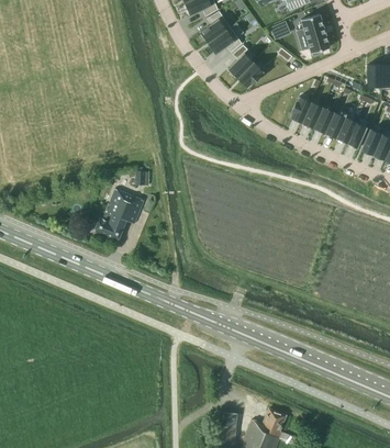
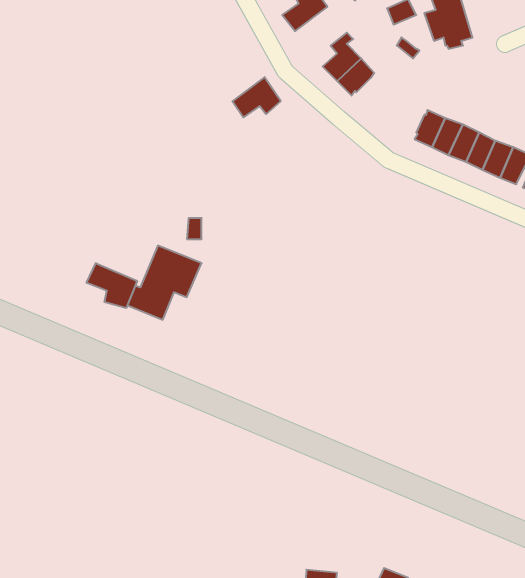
building: [208,27,241,55] -> [232,77,281,117]
building: none -> [87,263,137,308]

